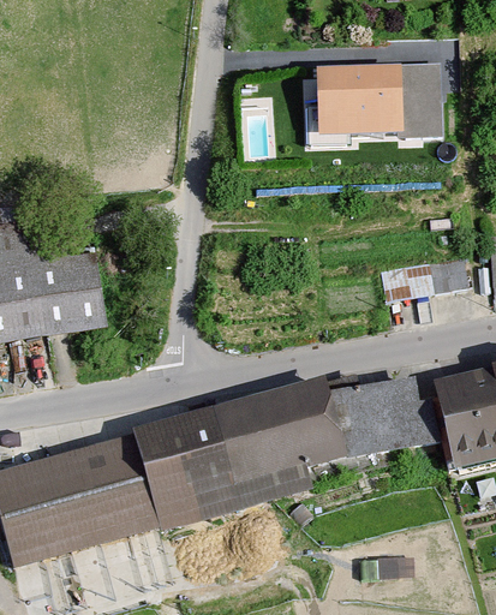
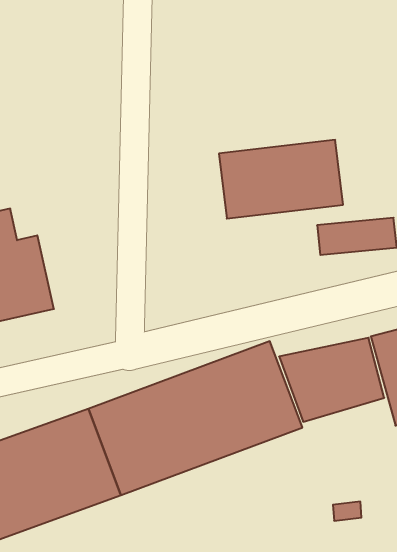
building: [315,59,441,133] -> [219,140,343,219]

